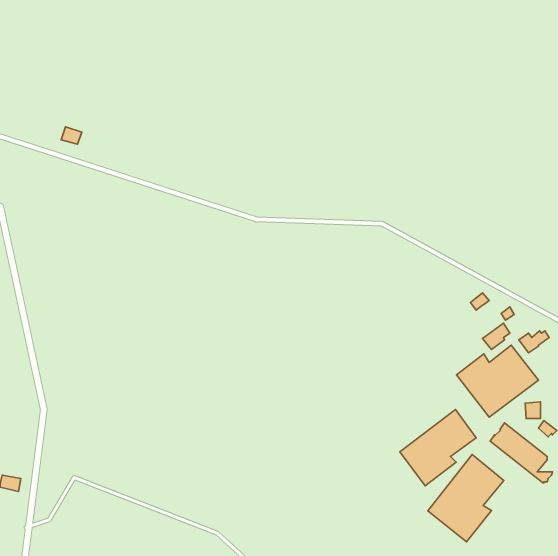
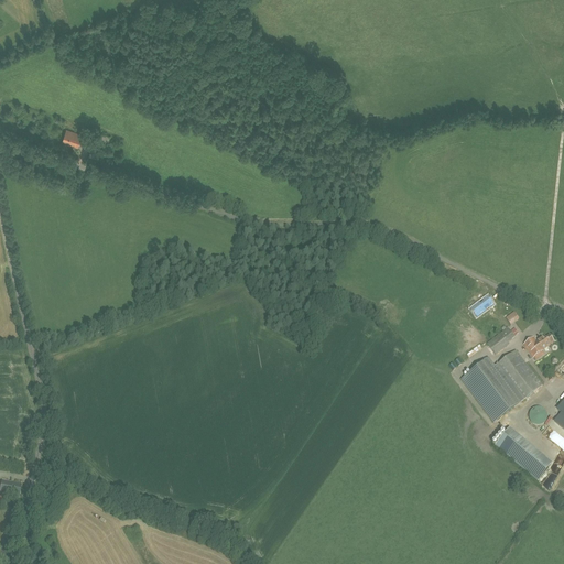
building: [400,410,476,486] -> none
building: [428,454,504,542] -> none

